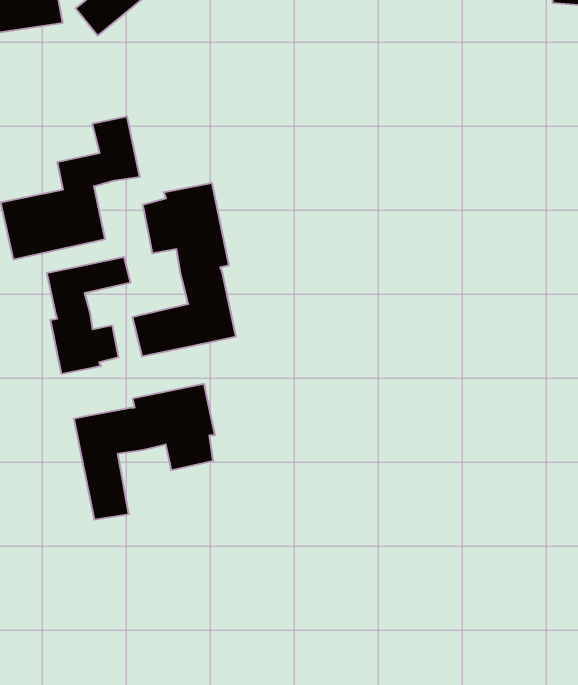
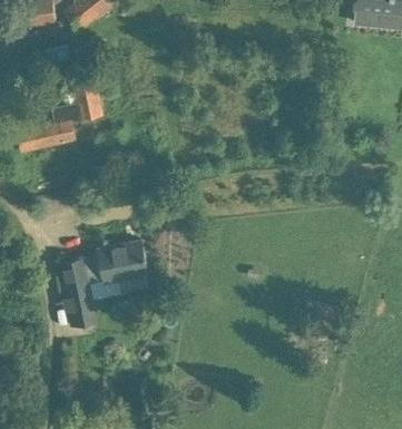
building: [132,183,236,357] -> none
building: [47,257,130,374] -> none

